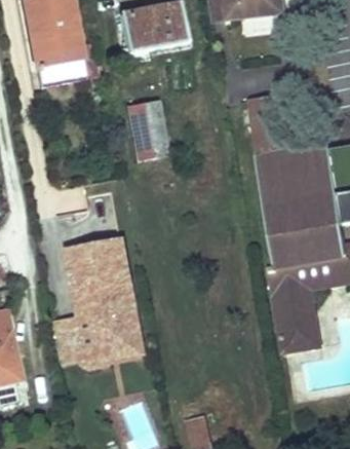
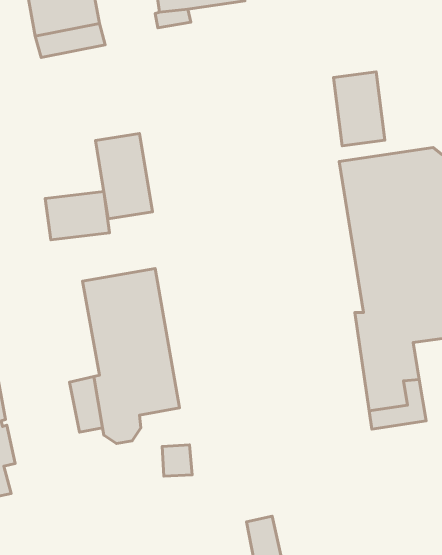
building: [126,99,167,160] -> [95,133,152,219]

